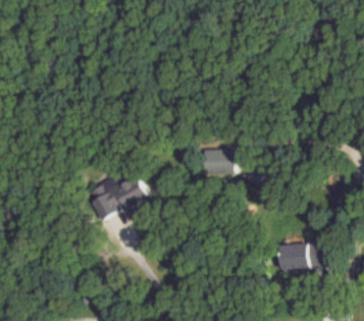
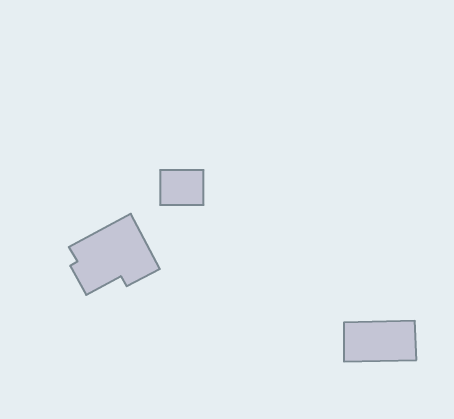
building: [201,151,231,175] -> [160,170,204,205]

